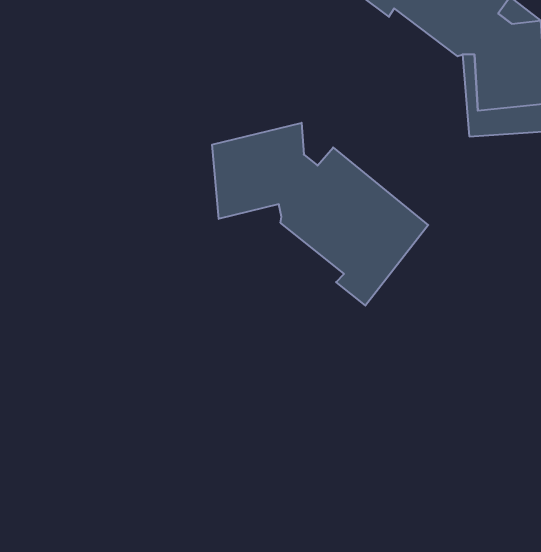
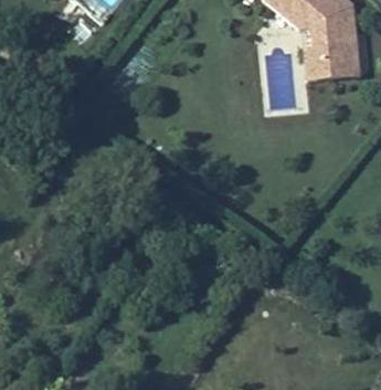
building: [212,123,428,306] -> none

